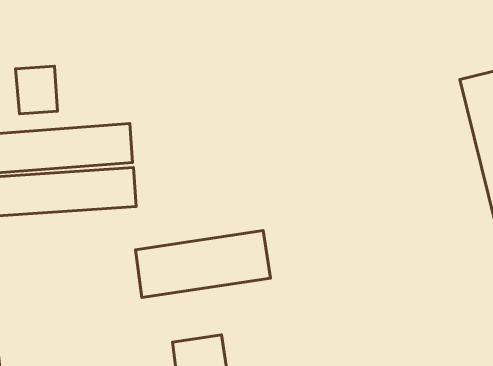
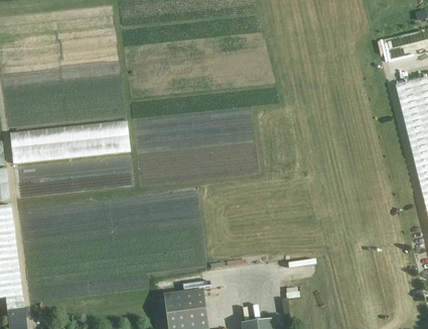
building: [16,66,58,114] -> none
building: [136,231,271,297] -> none

